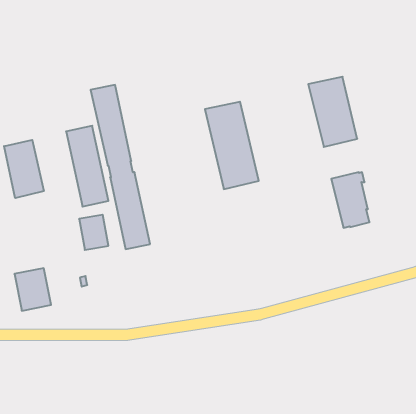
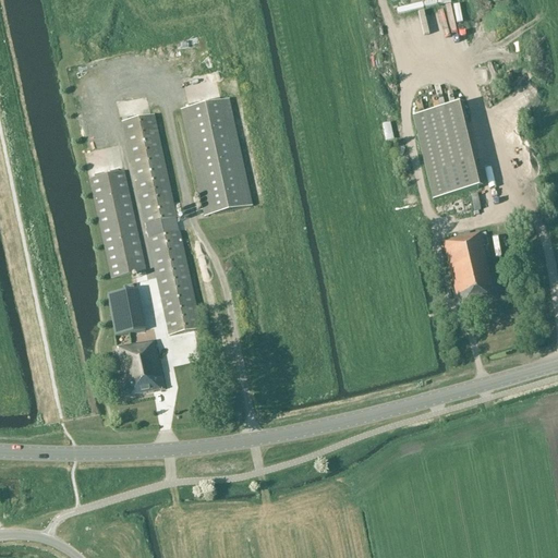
building: [205,102,259,189] -> [181,97,253,214]
building: [4,140,44,198] -> none
building: [14,268,51,311] -> [117,337,166,393]

